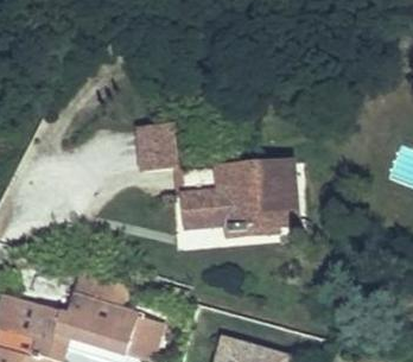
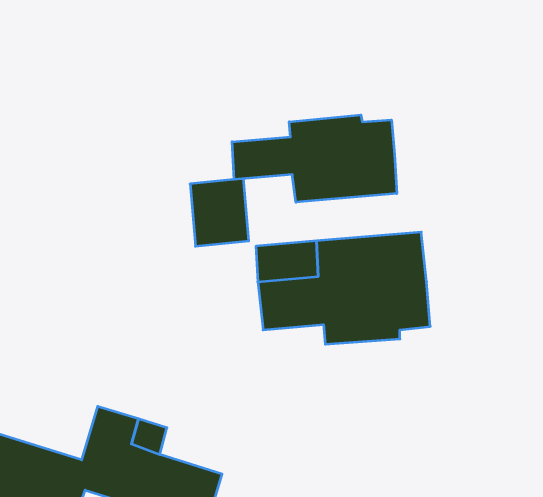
building: none -> [232,115,397,202]

